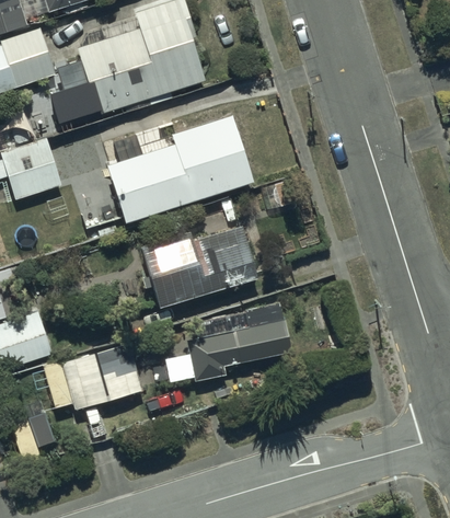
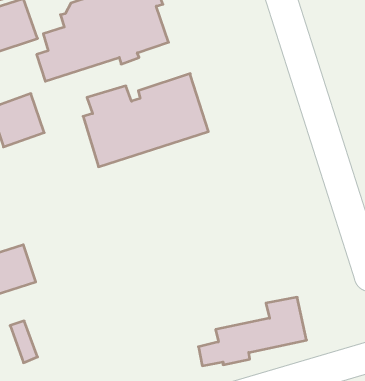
building: [138,228,254,308] -> none
building: [169,303,293,382] -> [198,297,307,366]
building: [46,345,146,411] -> none

